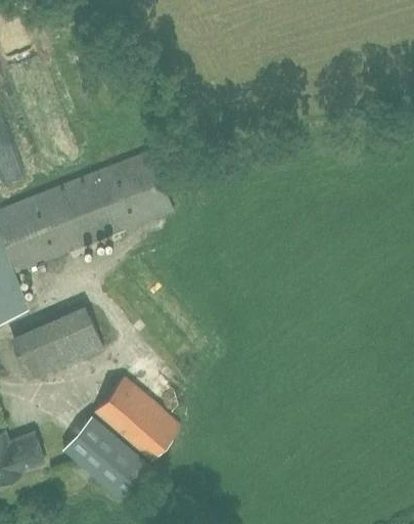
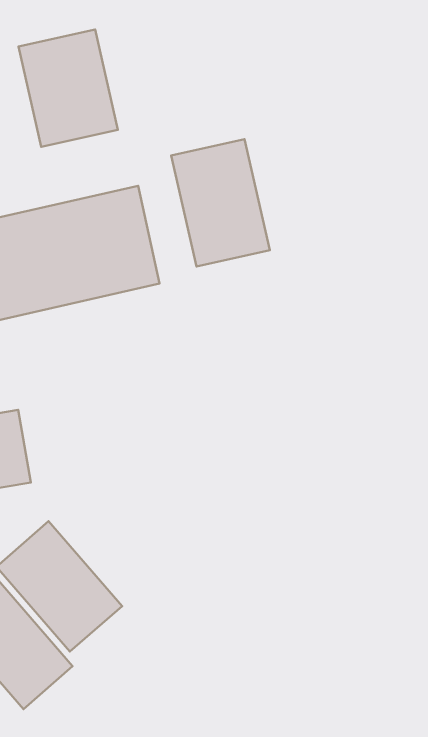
building: none -> [19,29,118,147]
building: none -> [171,139,270,267]

